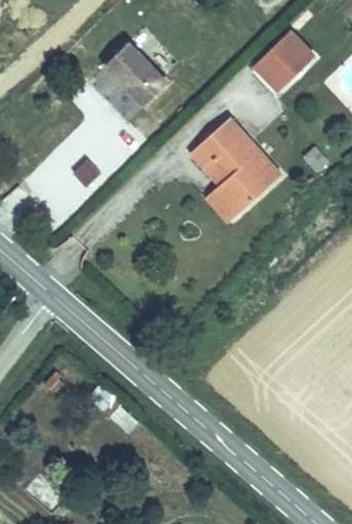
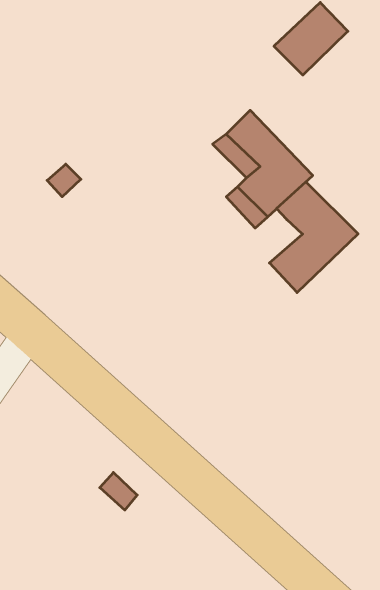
building: [100,42,164,107] -> none
building: none -> [269,182,358,293]

